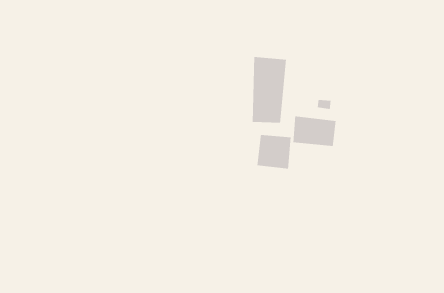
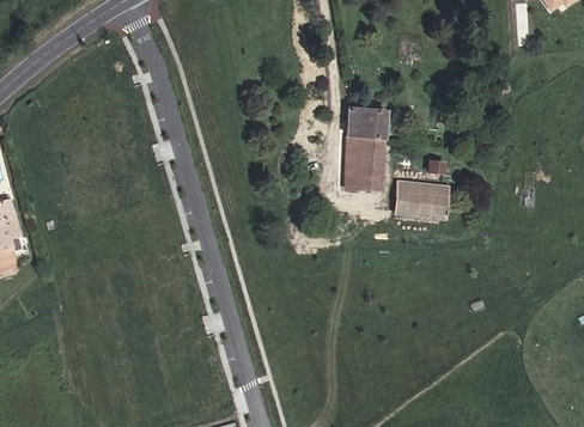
building: [257,134,291,169] -> none

